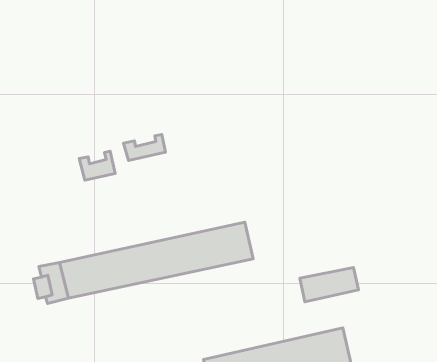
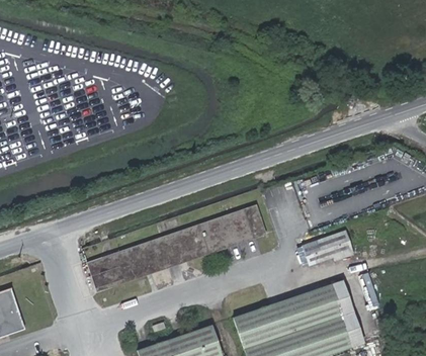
building: [123,134,166,160] -> none
building: [79,151,115,180] -> none

